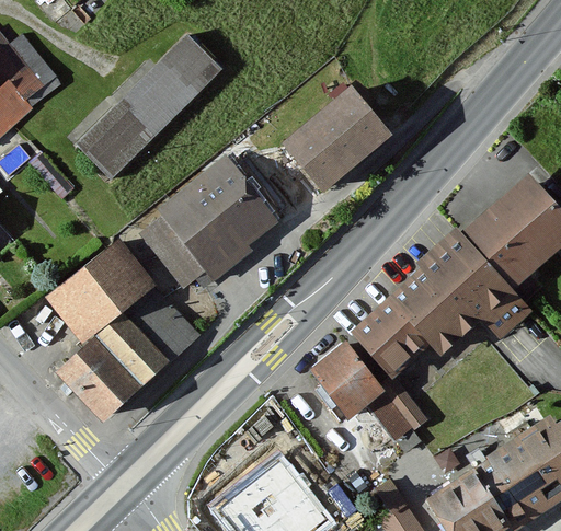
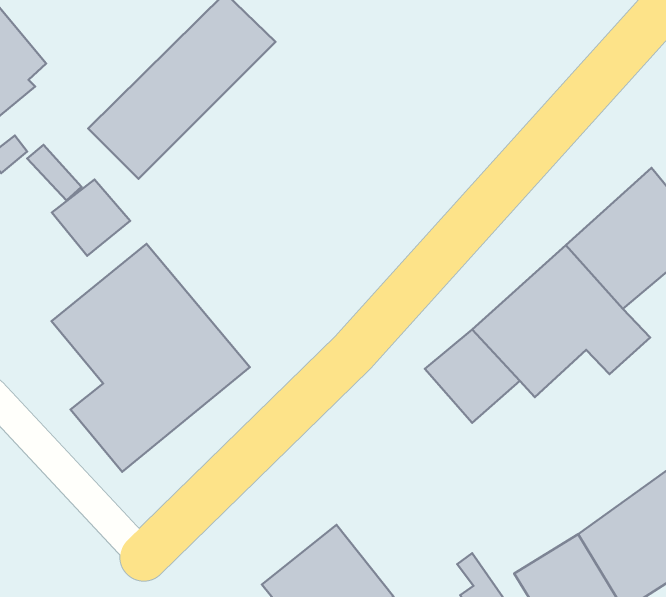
building: [276,83,393,198] -> none
building: [136,152,286,286] -> none
building: none -> [52,180,130,256]
building: [306,334,421,437] -> none

